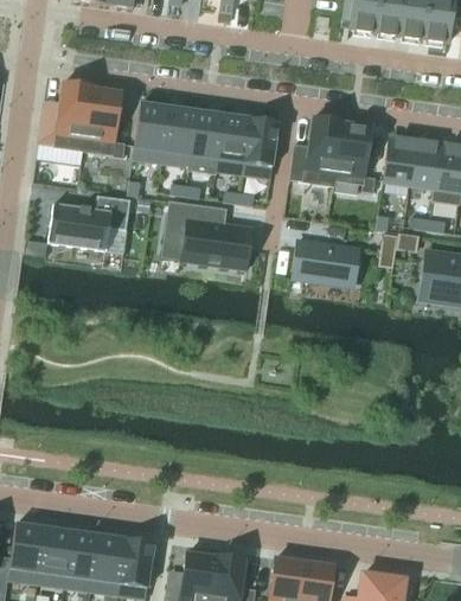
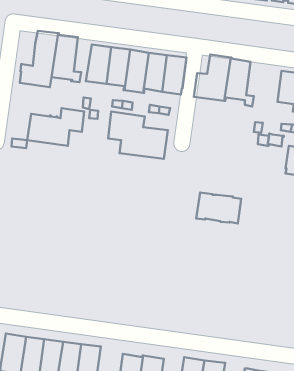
building: [383,136,416,185] -> none
building: [293,239,358,284] -> [196,192,241,223]

